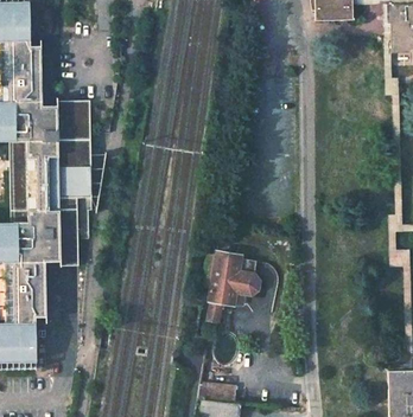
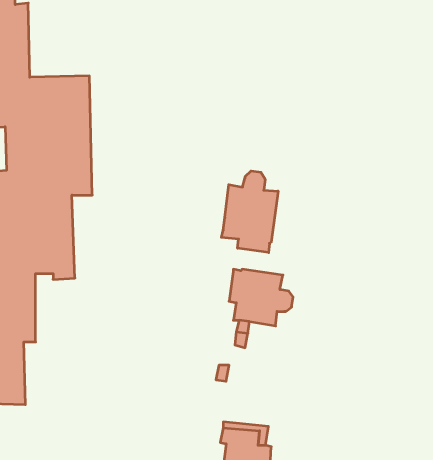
building: none -> [221,171,278,253]

